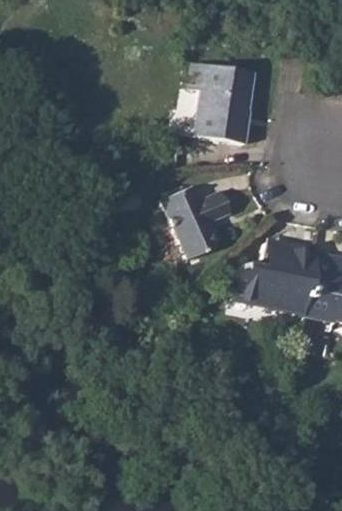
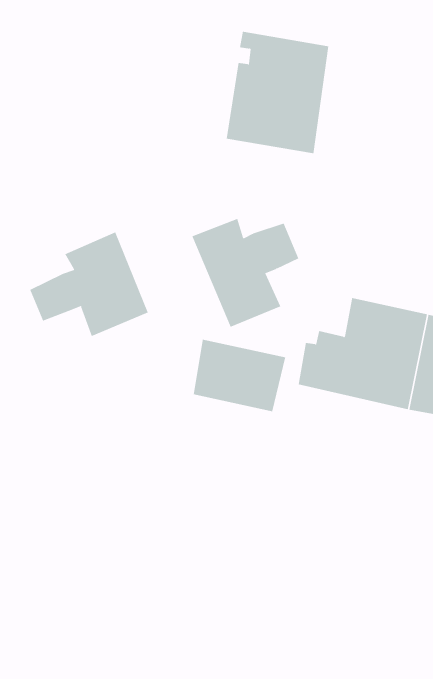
building: none -> [30,231,148,337]
building: none -> [193,339,286,412]

